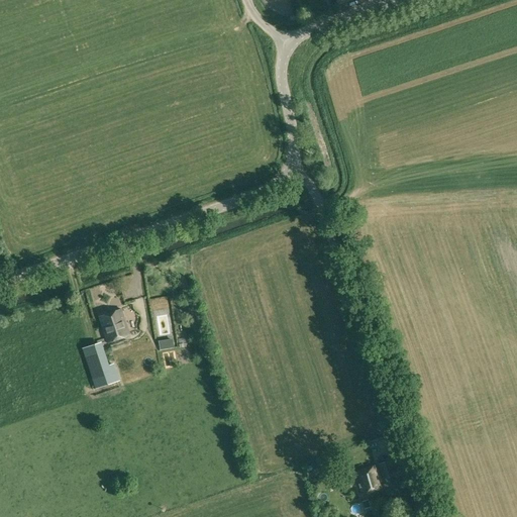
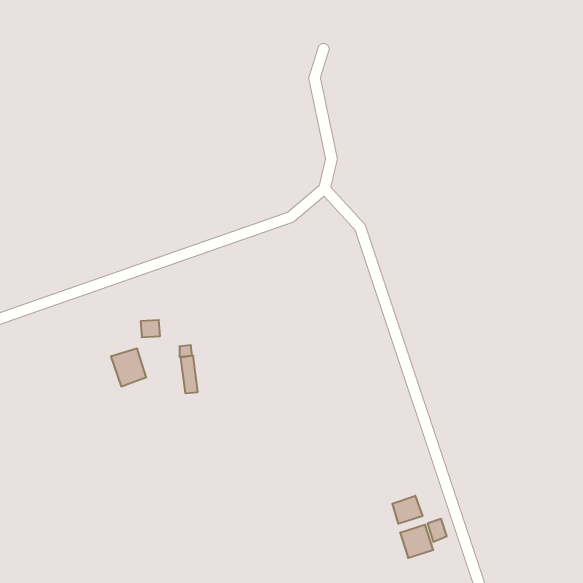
building: [83,342,117,387] -> none
building: none -> [392,496,423,524]

